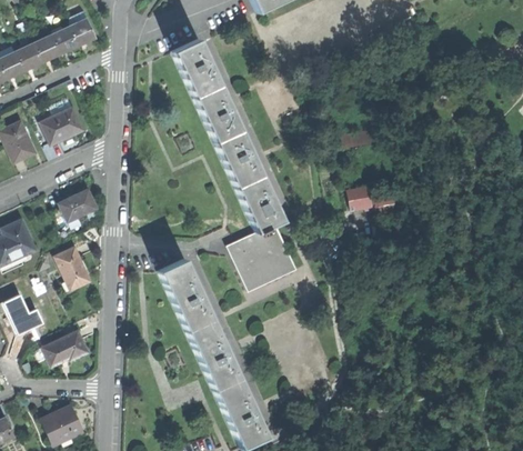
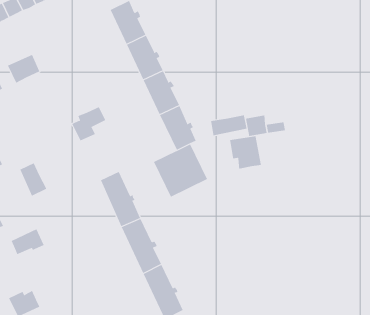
building: none -> [210,114,247,136]
building: [52,189,97,233] -> [71,106,106,141]
building: none -> [230,135,261,169]

